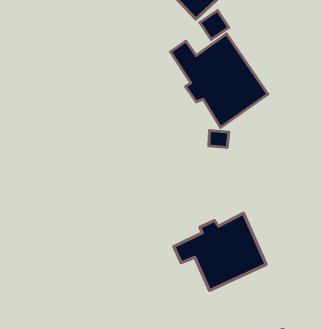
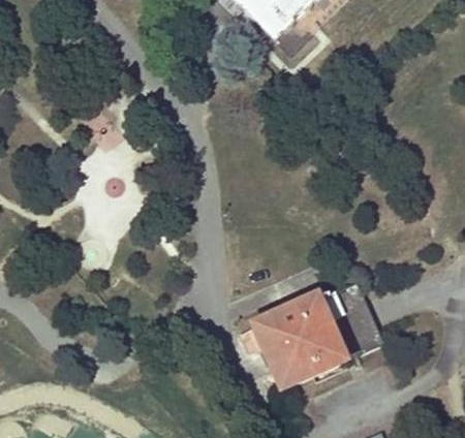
building: [171,34,268,127] -> none

